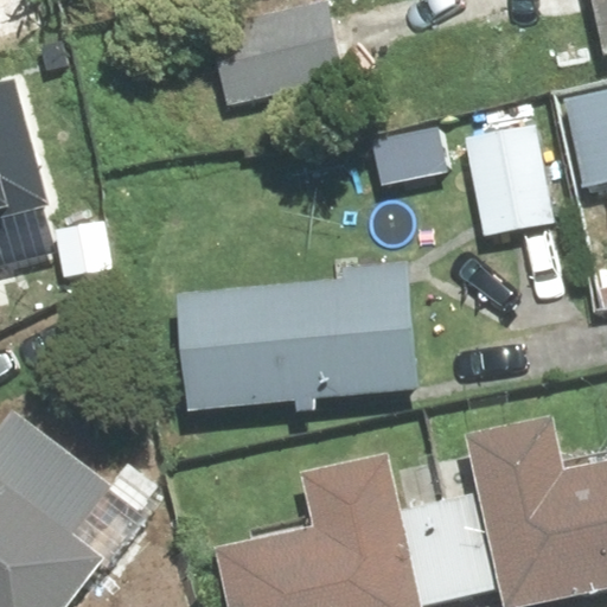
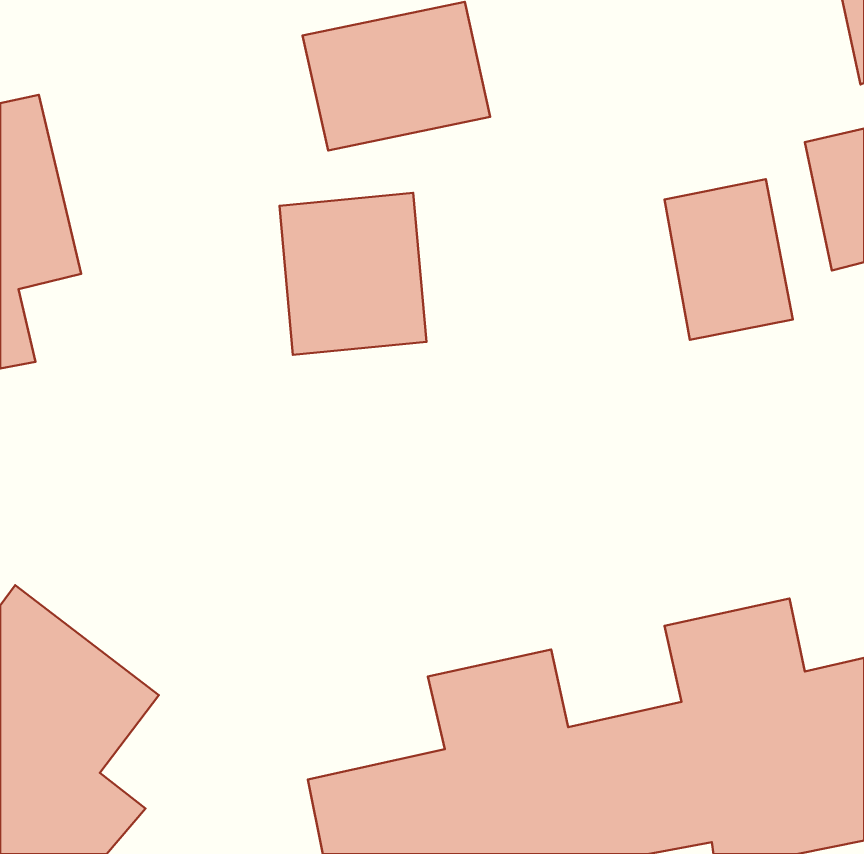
building: none -> [280,193,427,355]
building: [174,263,417,411] -> none

